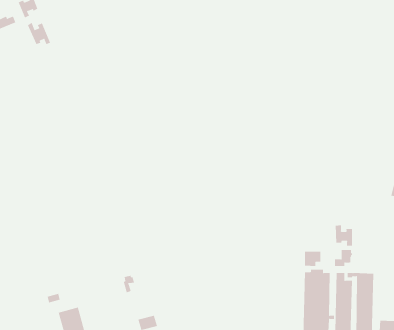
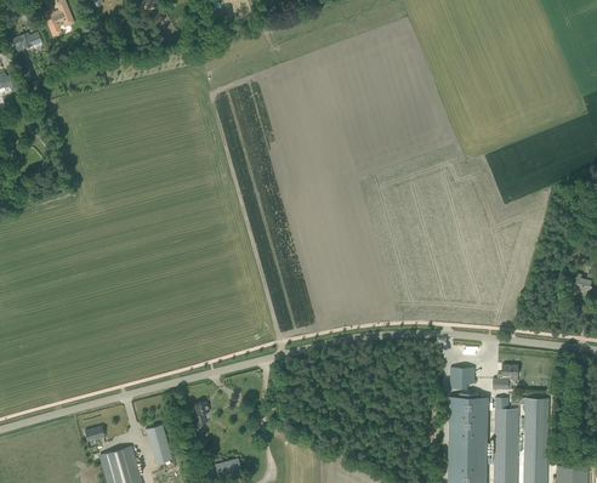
building: [27,22,51,45] -> none
building: [335,224,352,247] -> none
building: none -> [146,424,172,464]

